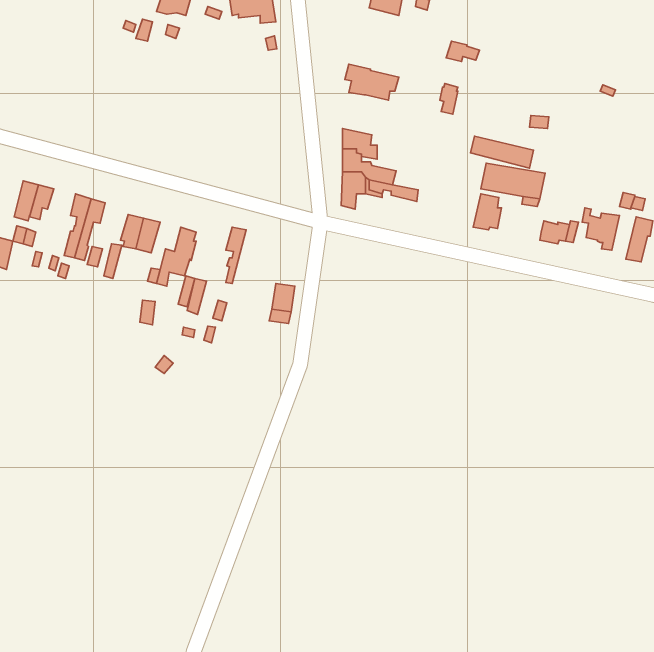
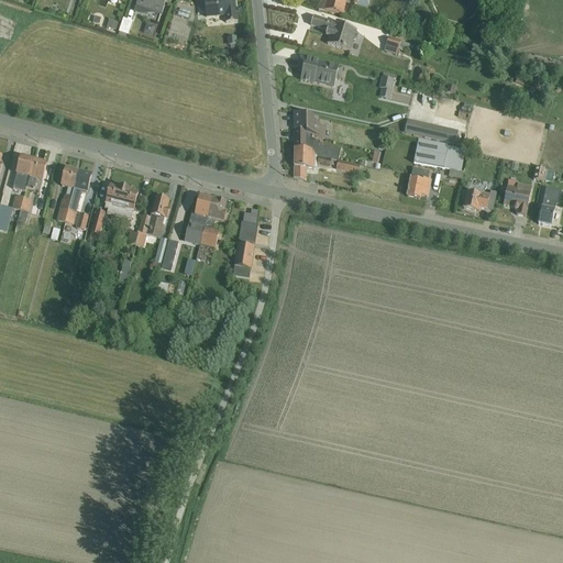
building: none -> [309,14,357,49]
building: none -> [199,197,225,247]
building: none -> [236,208,257,245]

